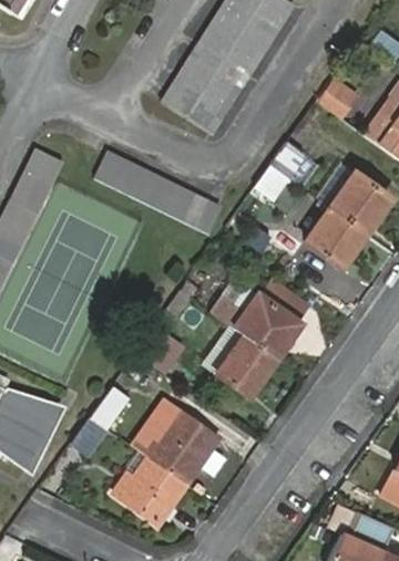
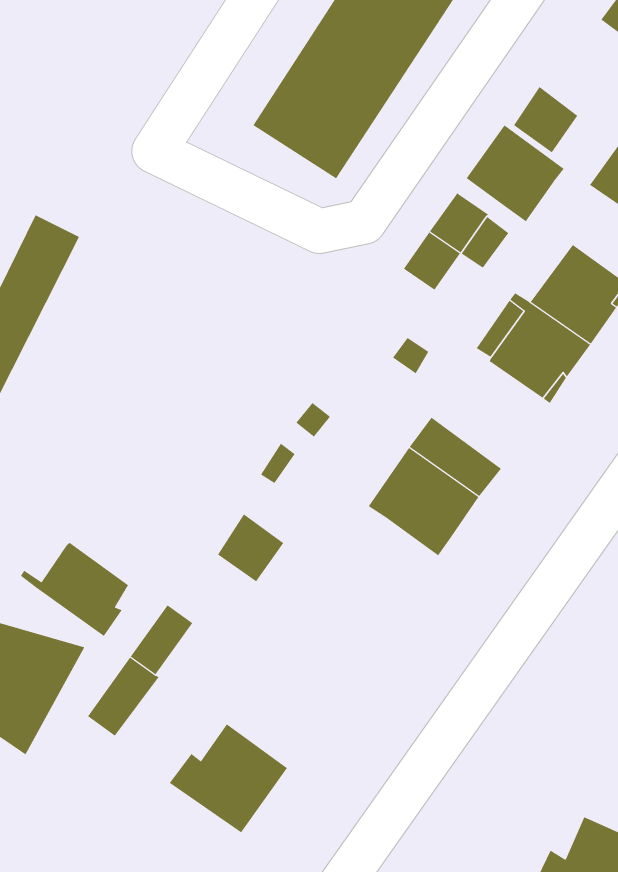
building: none -> [466,124,564,222]
building: [96,149,223,233] -> none
building: [216,334,275,395] -> none
building: none -> [20,542,129,637]
building: [147,404,217,484] -> none

